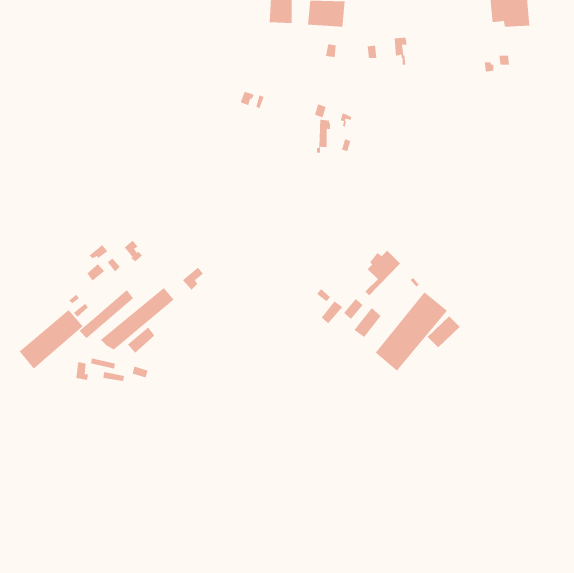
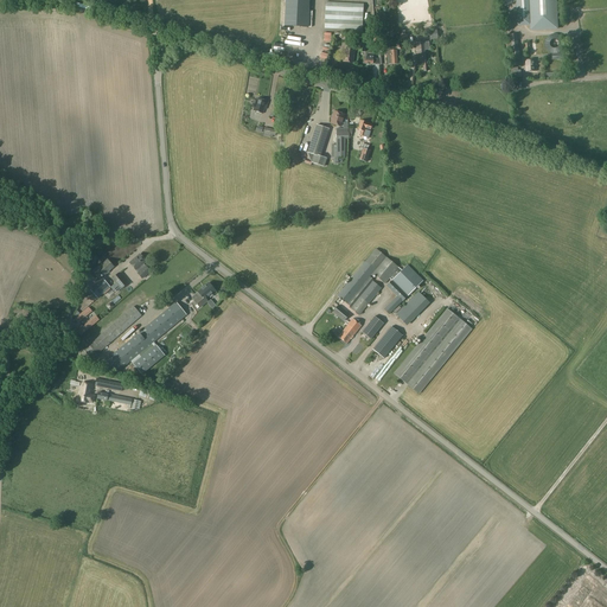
building: none -> [308,123,330,165]
building: none -> [338,247,398,312]
building: [19,309,84,369] -> none
building: [427,316,461,348] -> [396,289,432,324]

